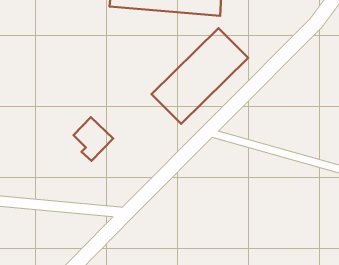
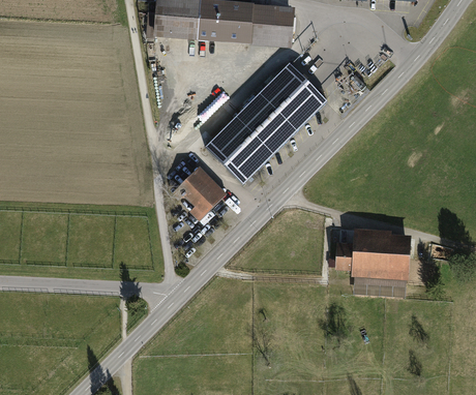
building: [73,117,113,161] -> [178,166,228,221]
building: none -> [335,227,412,297]

